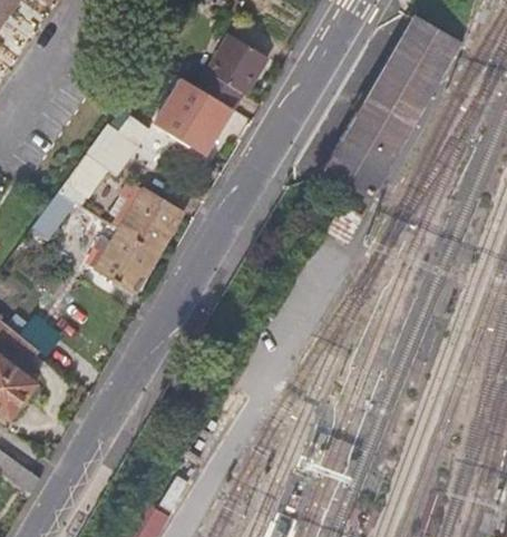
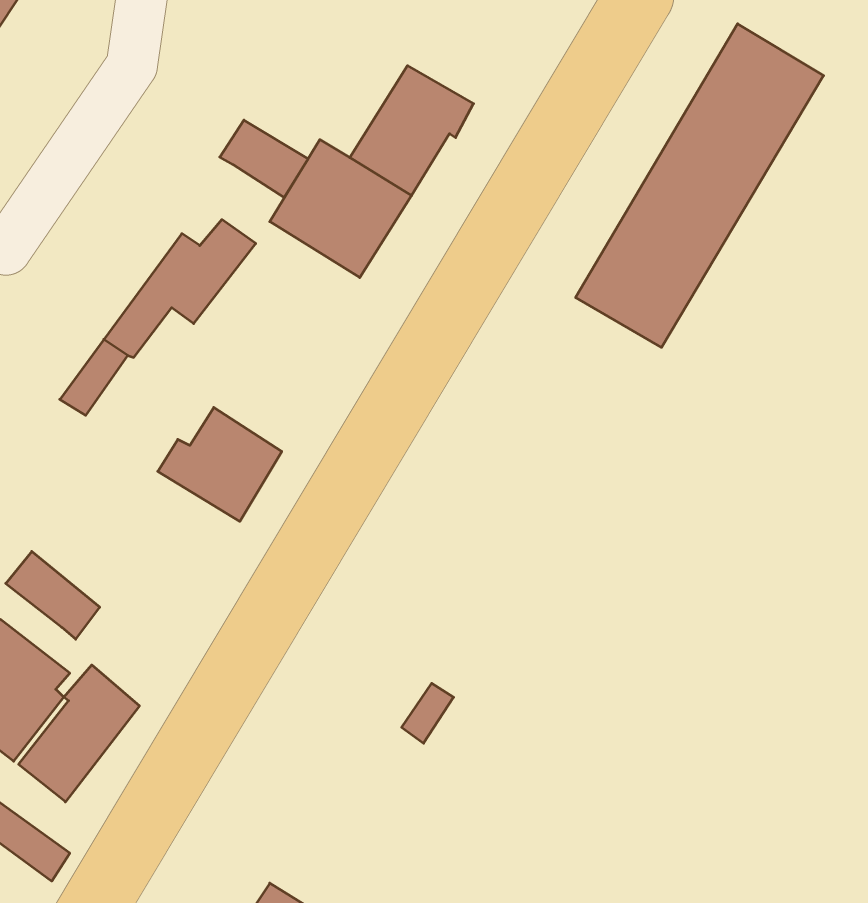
building: none -> [220,120,308,197]
building: [114,182,182,252] -> none
building: none -> [19,665,139,802]

